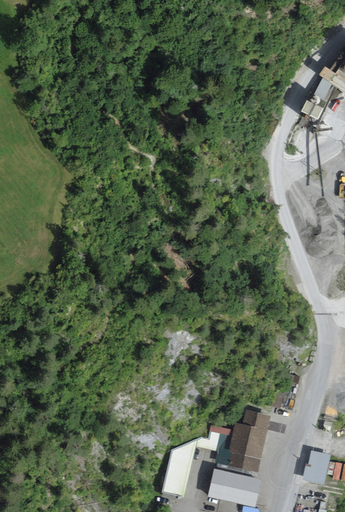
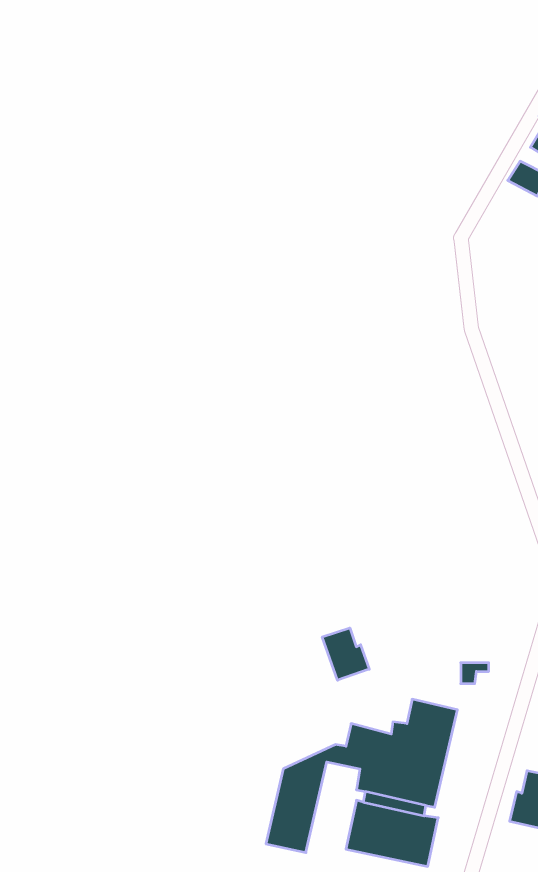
building: none -> [322,628,369,680]

